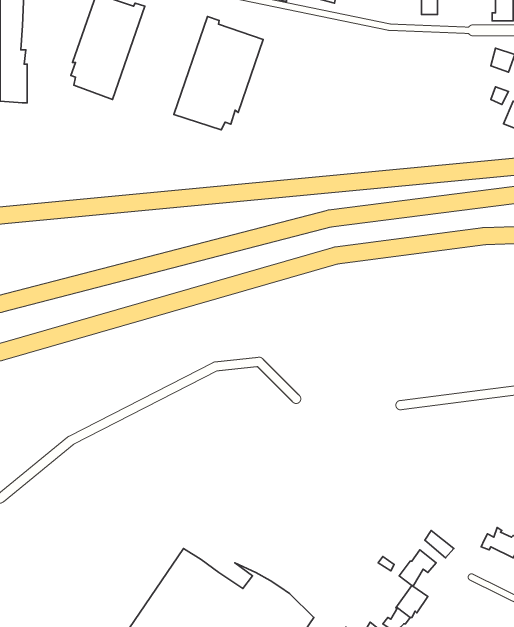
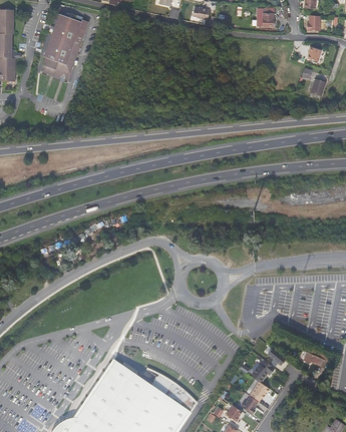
building: [174,16,263,130] -> none

